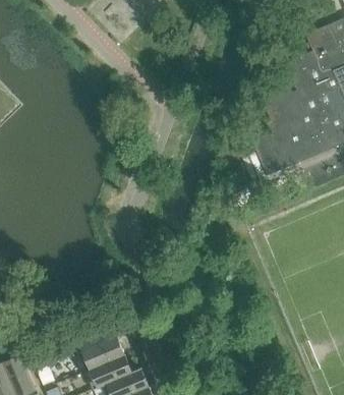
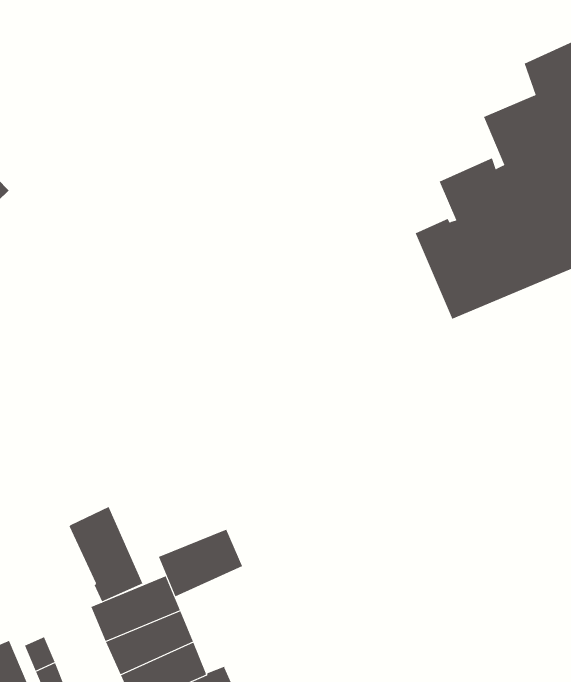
building: none -> [69,506,143,602]
building: none -> [158,529,243,597]

